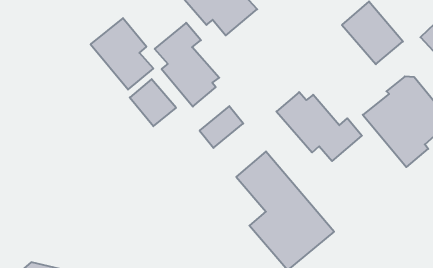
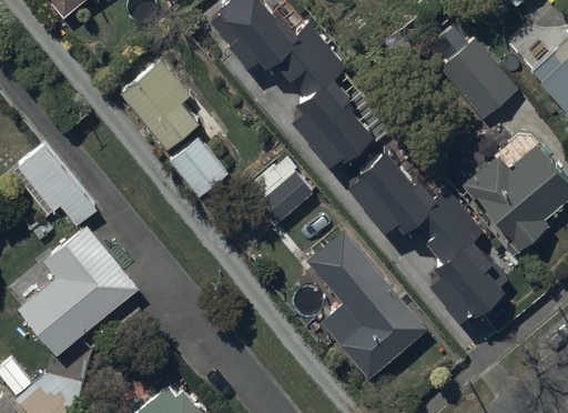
building: [155,23,219,107] -> [291,49,373,155]
building: none -> [12,143,94,220]
building: none -> [426,210,508,316]
building: none -> [16,223,135,354]

